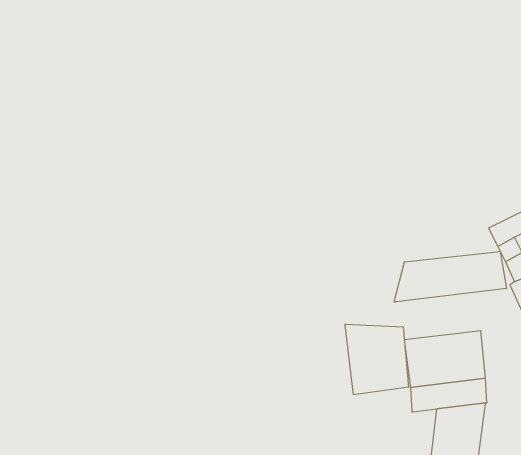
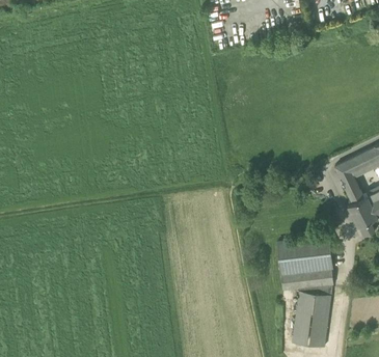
building: [394,251,506,302] -> none
building: [345,324,409,395] -> none

